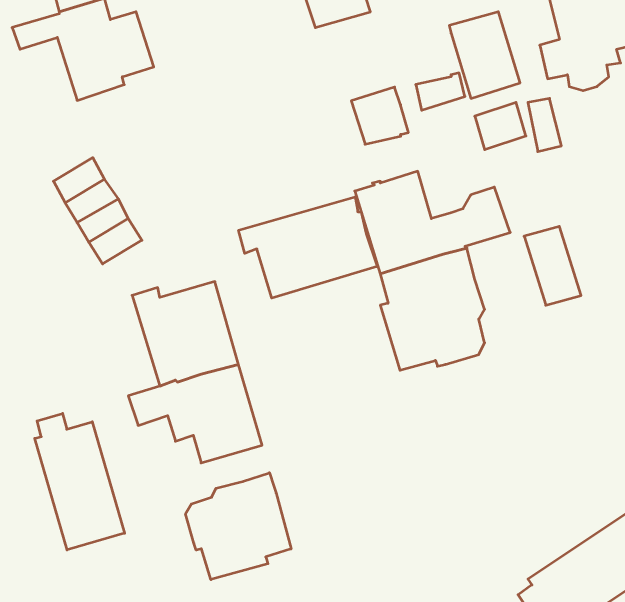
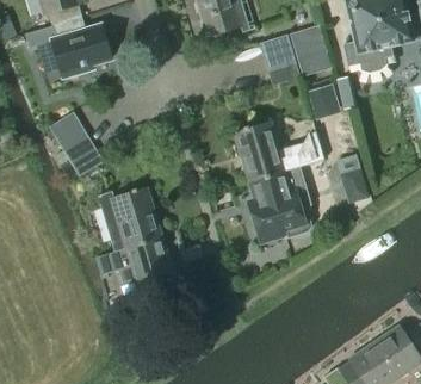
building: [351,87,408,144] -> [261,35,296,69]
building: [239,197,377,298] -> none
building: [35,413,125,550] -> none
building: [186,473,291,580] -> none

